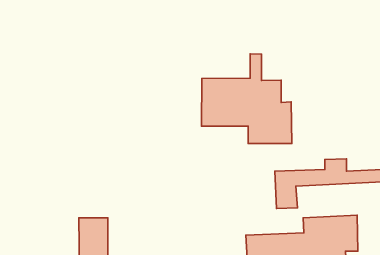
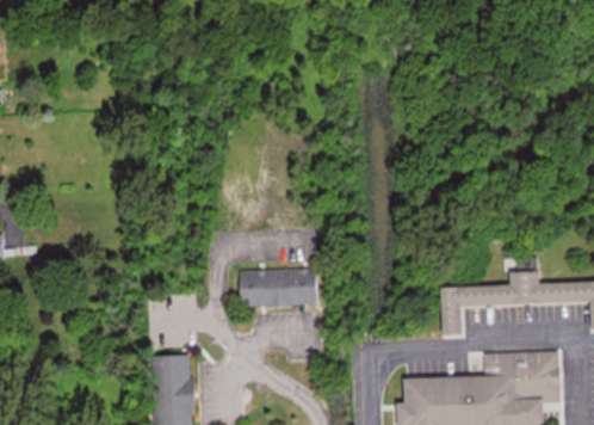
building: [201,54,292,144] -> none
building: none -> [240,269,318,307]

